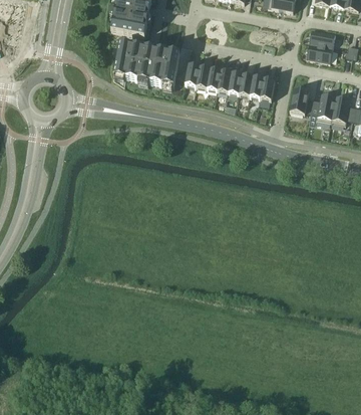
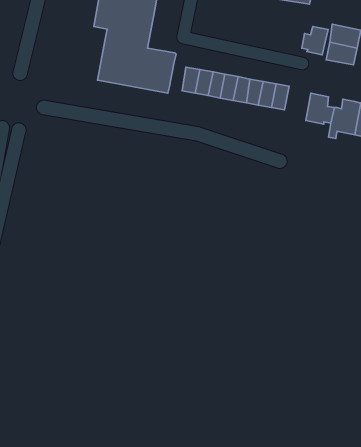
building: none -> [302,26,328,55]

